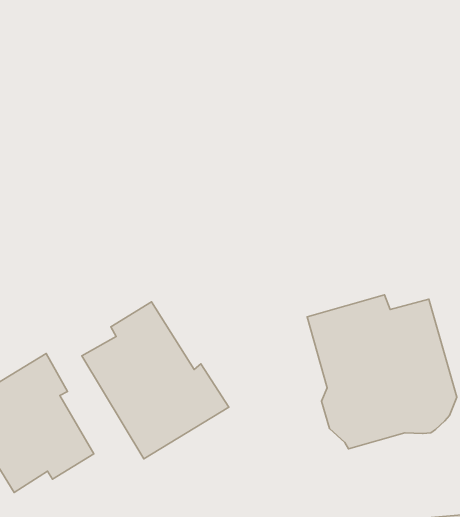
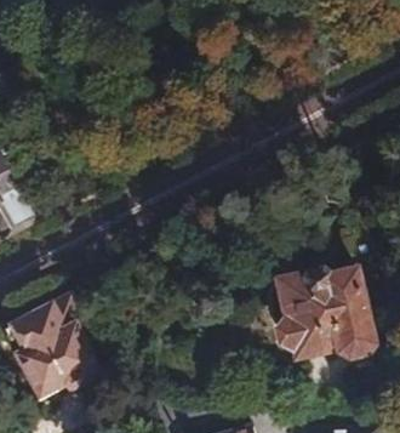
building: [82,302,229,459] -> none

